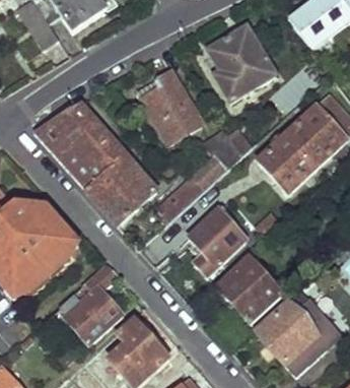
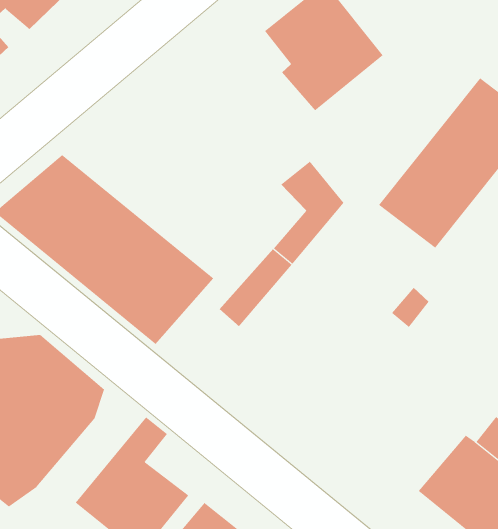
building: [145,72,204,142] -> none
building: [188,210,241,272] -> none
building: [217,257,280,321] -> none

